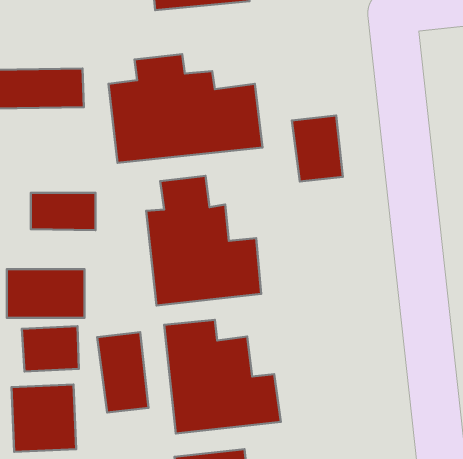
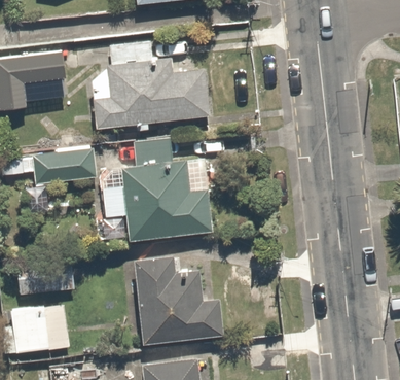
building: [292,116,343,182] -> none
building: [7,269,85,318] -> none
building: [97,332,149,412] -> none

